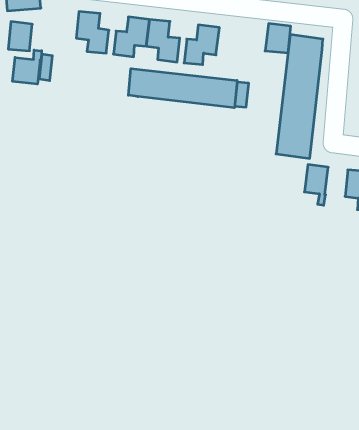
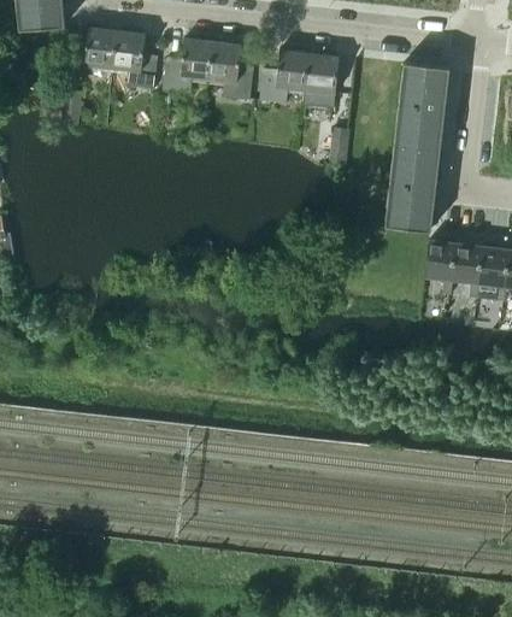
building: [8,22,32,51] -> [84,28,117,67]
building: [265,24,291,53] -> [304,53,339,93]
building: [13,50,42,84] -> none
building: [128,69,237,108] -> none
building: none -> [452,243,483,299]

